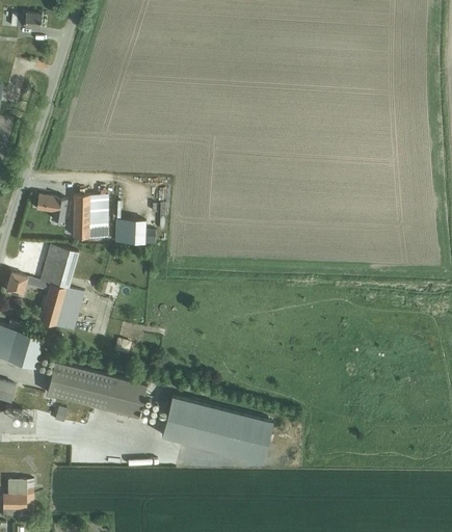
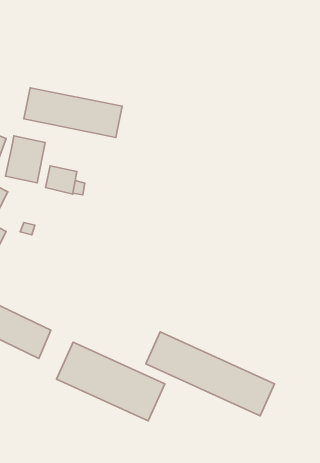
building: none -> [24,88,122,137]
building: none -> [146,332,275,416]

